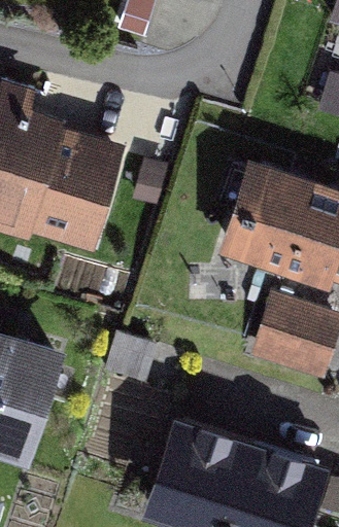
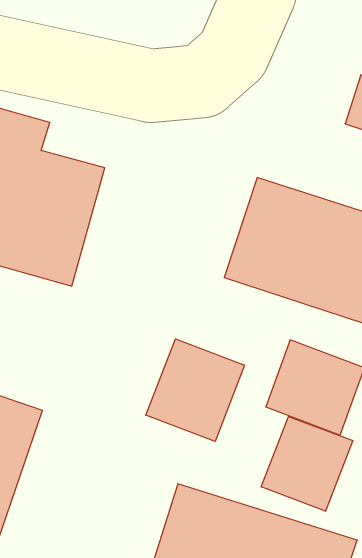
building: none -> [146,339,245,441]
building: none -> [261,416,353,511]

